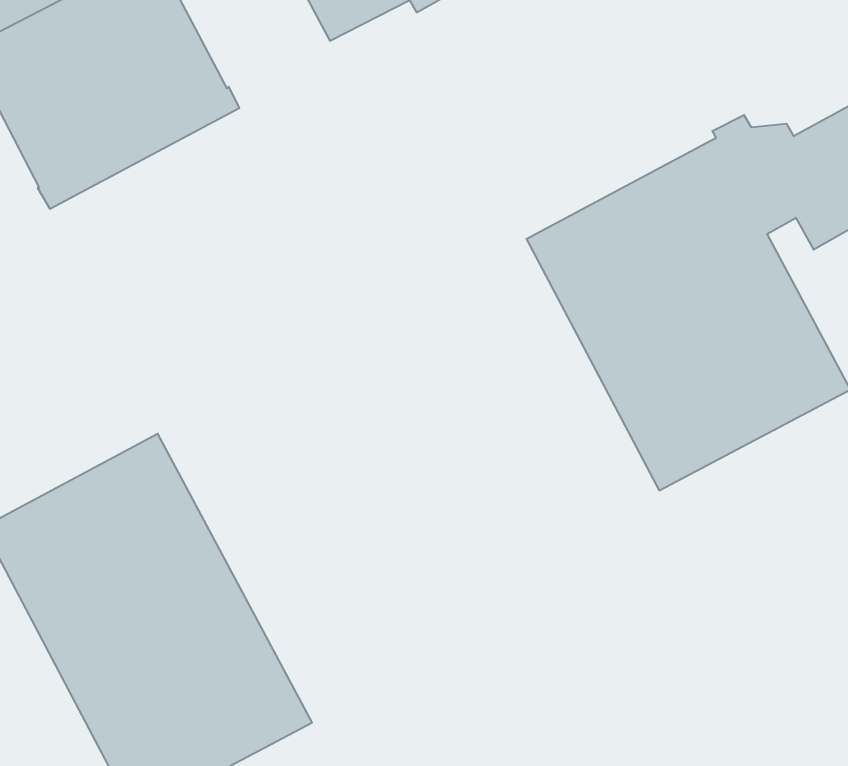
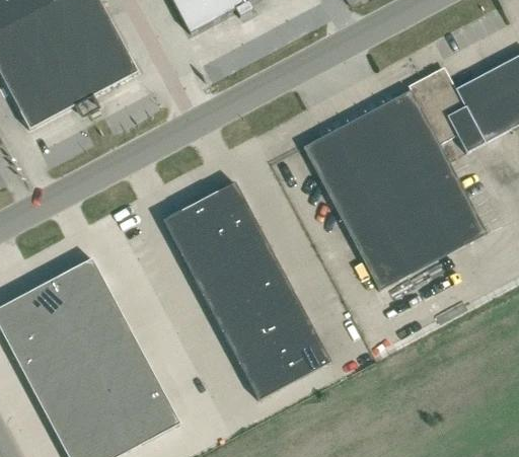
building: none -> [162,181,330,399]

